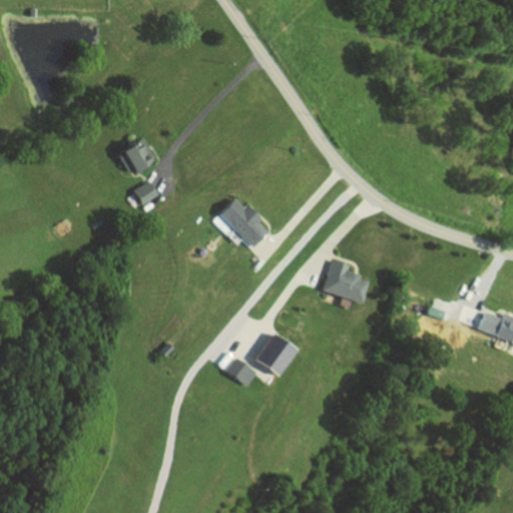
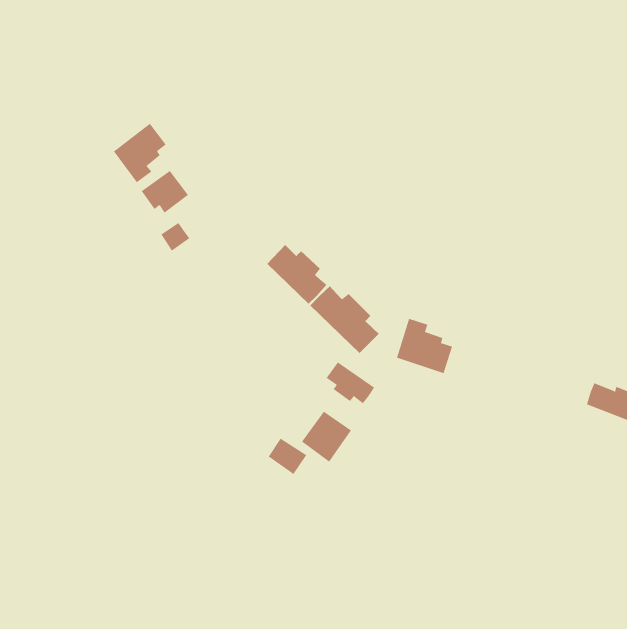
building: none -> [113,123,166,183]
building: none -> [310,286,380,354]
building: none -> [326,362,375,404]

